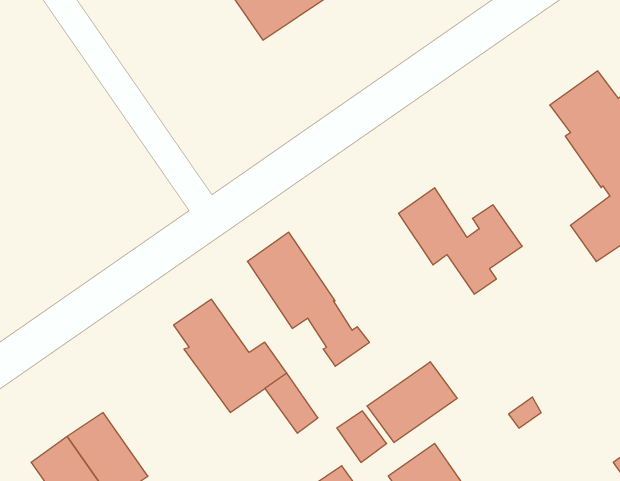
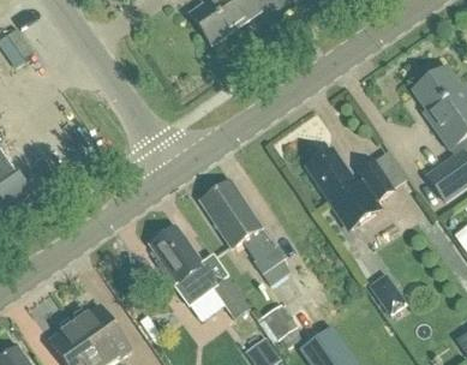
building: [367,362,457,443] -> none

